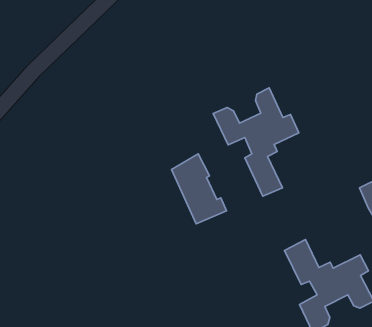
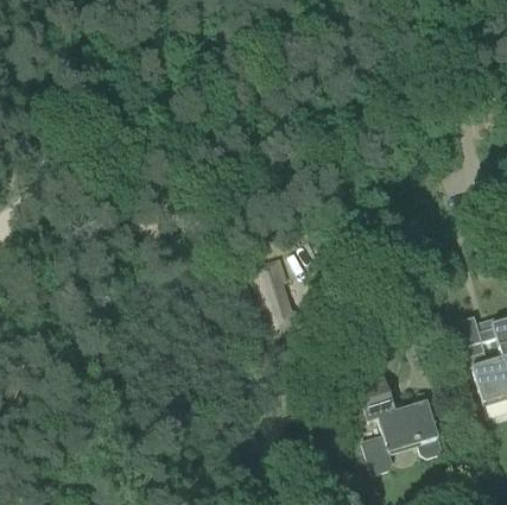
building: [213,88,299,196] -> none

